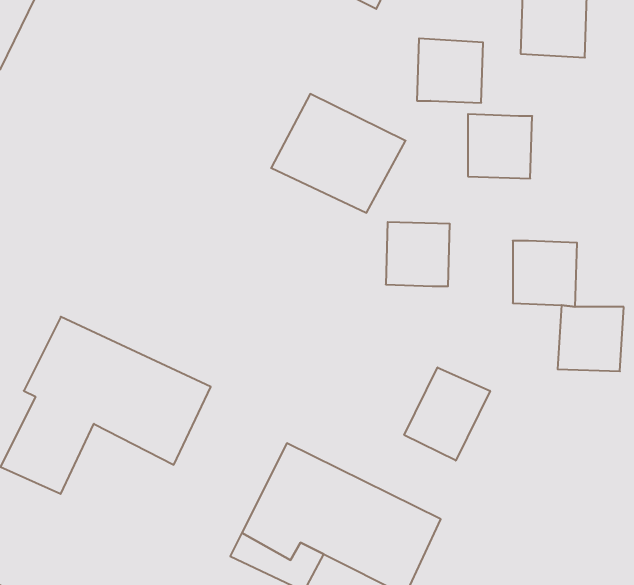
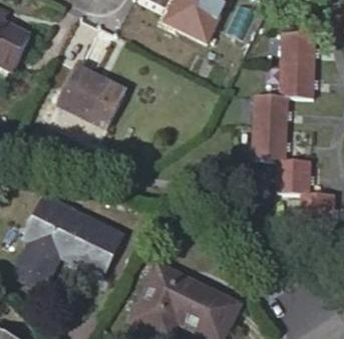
building: [417,38,483,103] -> [280,63,314,96]
building: [271,94,406,213] -> [57,65,126,126]
building: [386,222,450,286] -> [253,126,286,159]
building: [404,367,490,461] -> none

